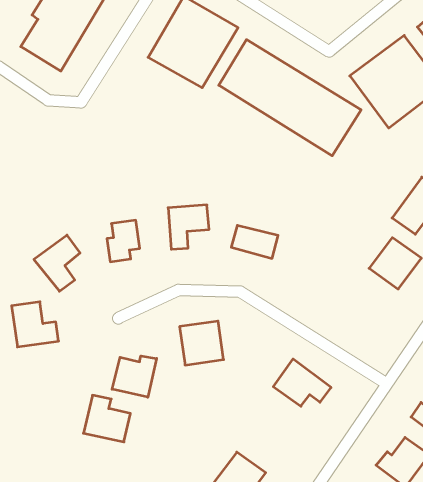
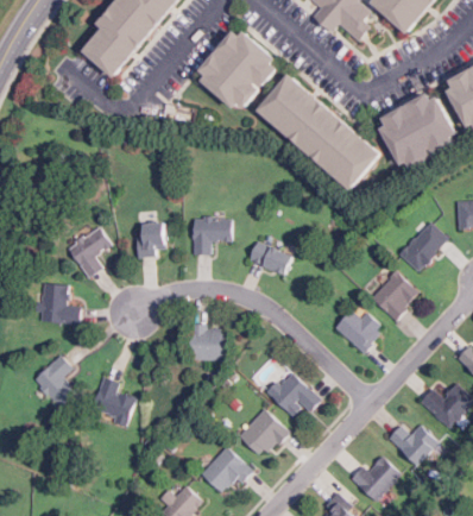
building: none -> [334,310,384,353]
building: [112,356,157,397] -> none
building: none -> [33,354,75,408]
building: none -> [238,408,289,459]

